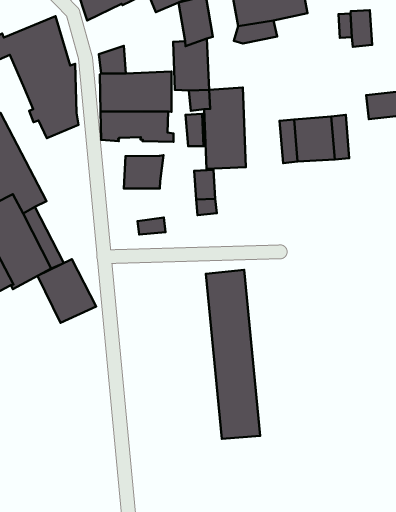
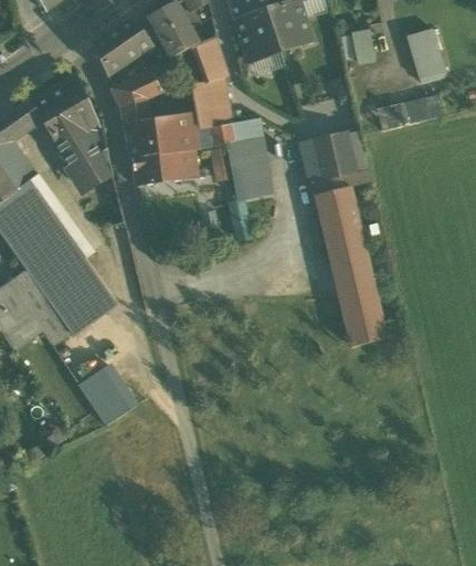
building: none -> [113,70,159,105]
building: [124,155,164,189] -> none
building: [37,259,96,323] -> [78,364,137,424]
building: [206,270,260,439] -> [315,186,387,346]

